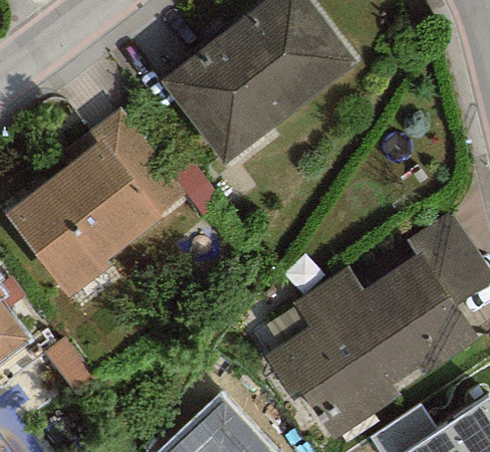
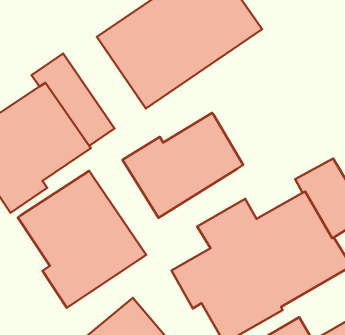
building: none -> [123,113,243,218]
building: none -> [18,171,146,308]

